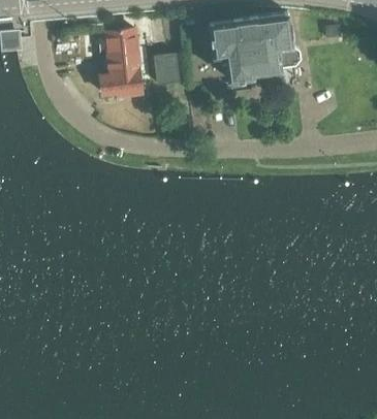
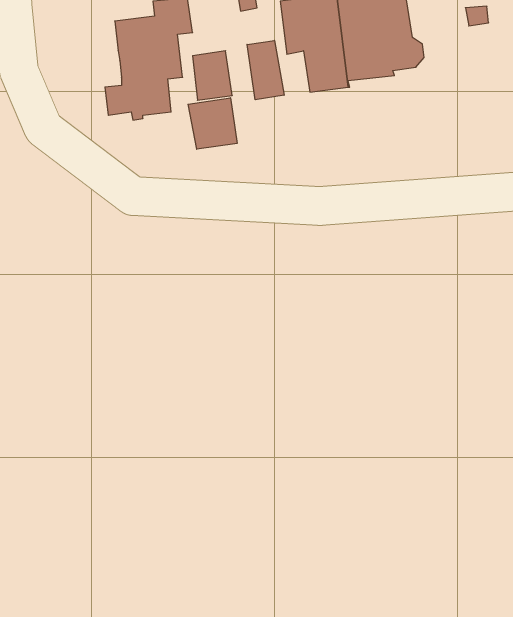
building: none -> [247,40,284,100]
building: none -> [188,98,237,149]

